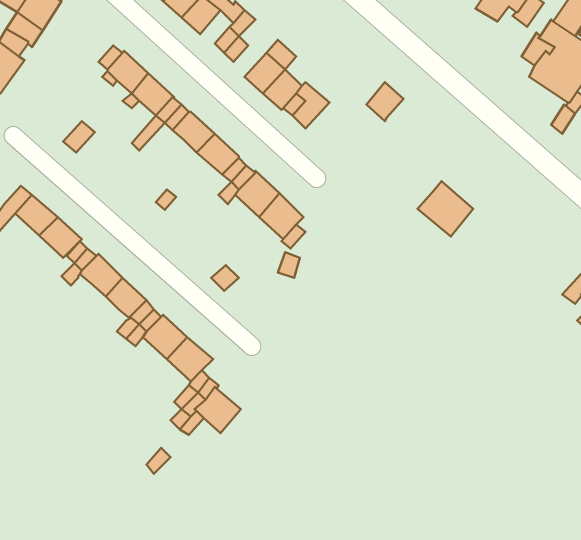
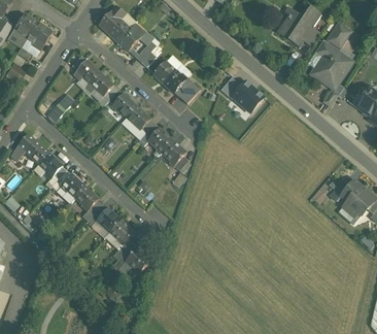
building: [418,181,473,236] -> [232,80,263,111]

